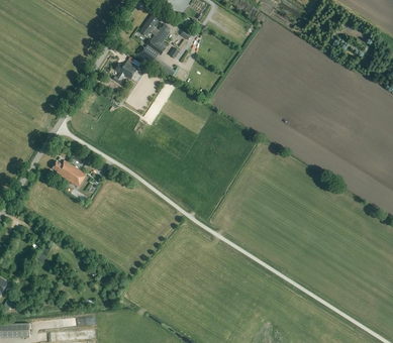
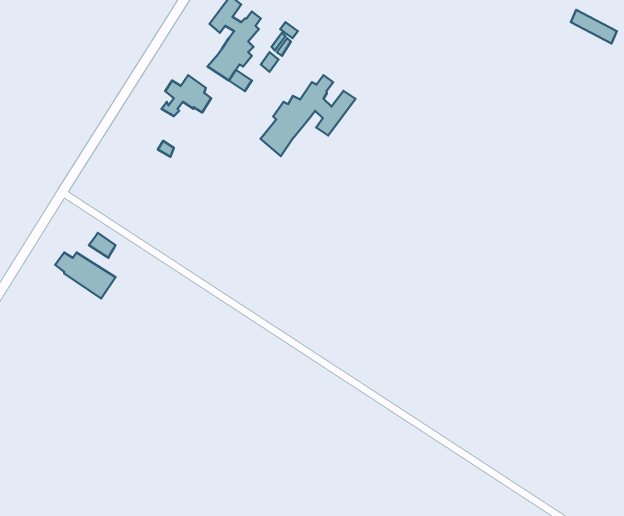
building: none -> [260,75,356,156]

